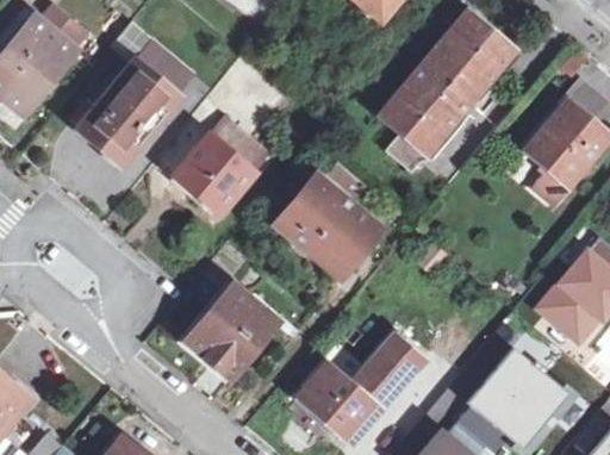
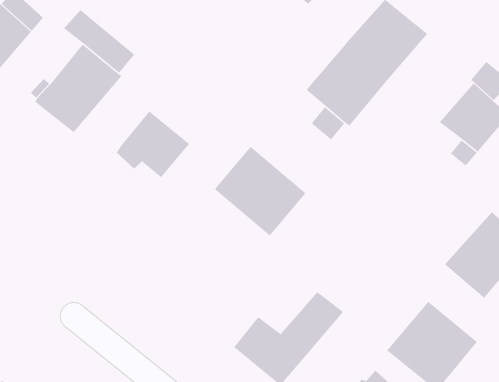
building: [206,117,268,174] -> none
building: [188,287,278,376] -> none

